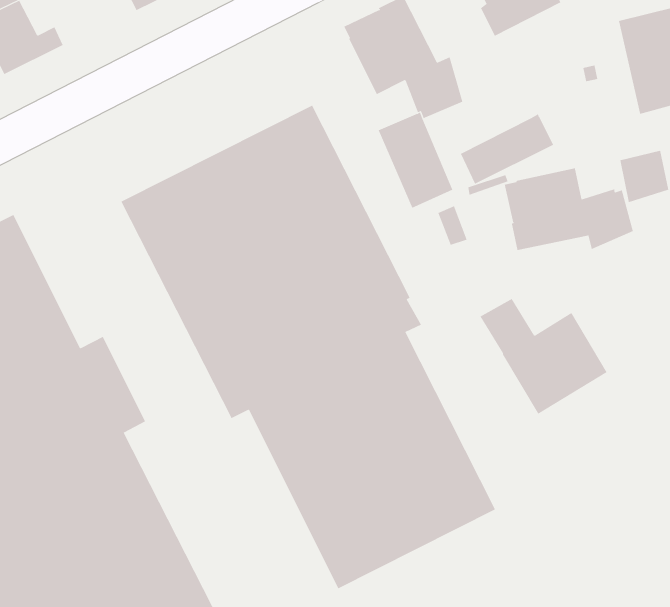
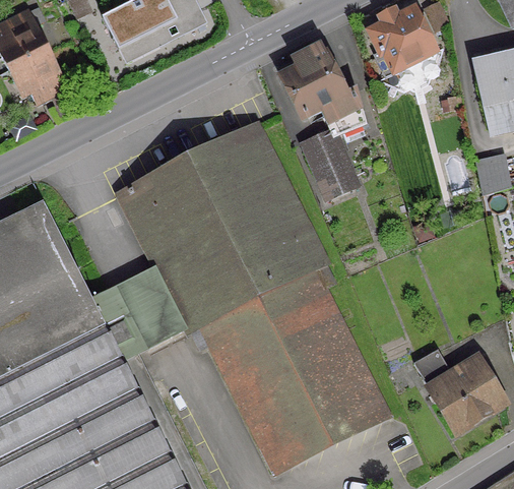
building: [460,114,554,185] -> none
building: [504,167,634,251] -> none
building: [480,298,607,415] -> [411,348,503,431]

